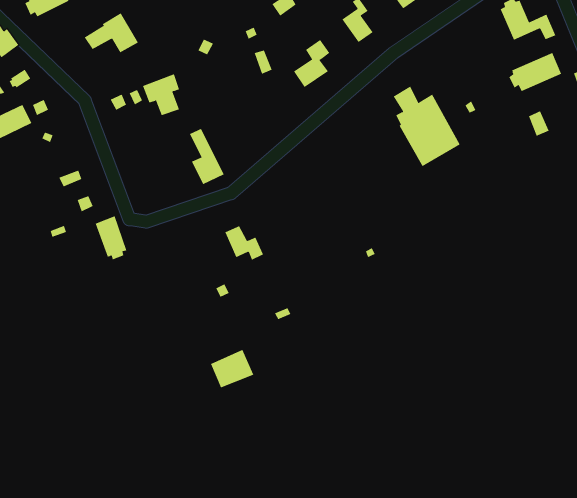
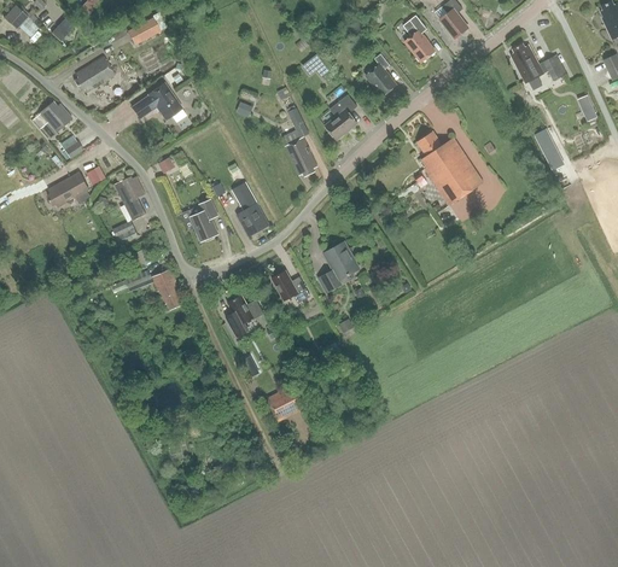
building: [508,52,562,92] -> none
building: [142,74,180,116] -> [181,200,217,240]
building: none -> [285,136,317,176]
building: none -> [115,176,146,220]
building: none -> [319,241,360,292]
building: none -> [227,296,263,338]

